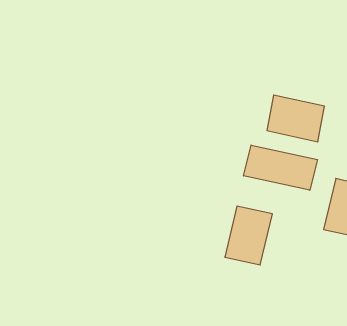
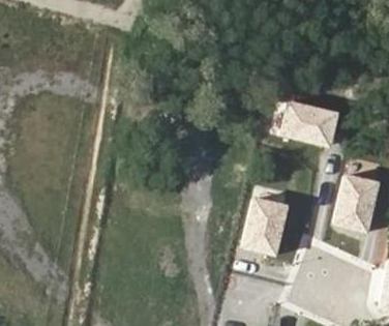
building: [244,145,317,190] -> none

